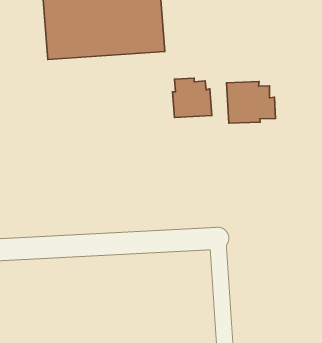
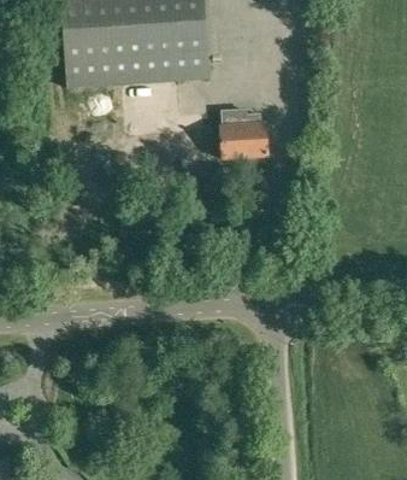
building: [227,82,276,123] -> none

